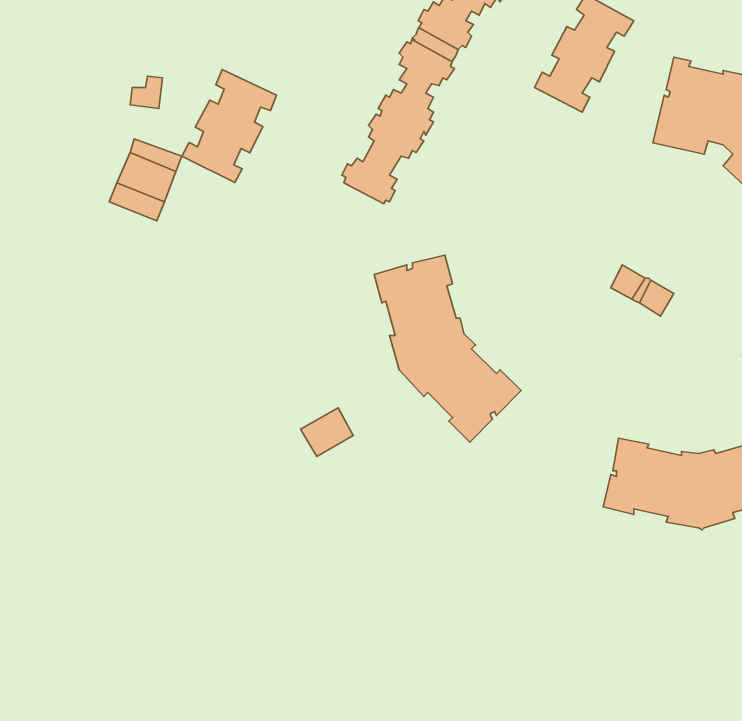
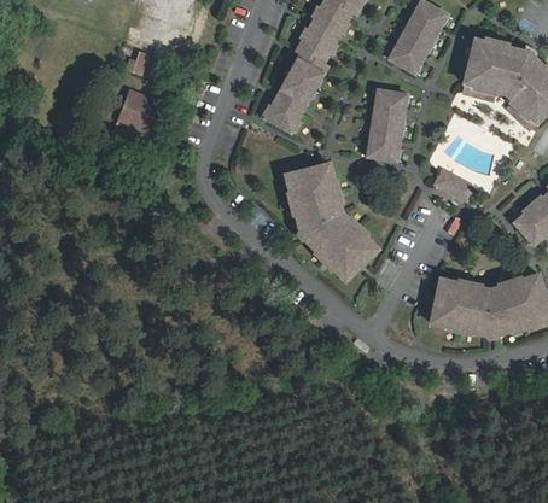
building: [182,70,277,183] -> none
building: none -> [363,89,407,160]
building: [300,408,353,457] -> none

